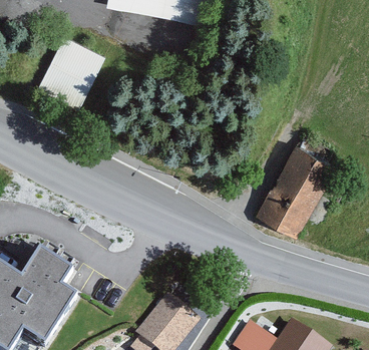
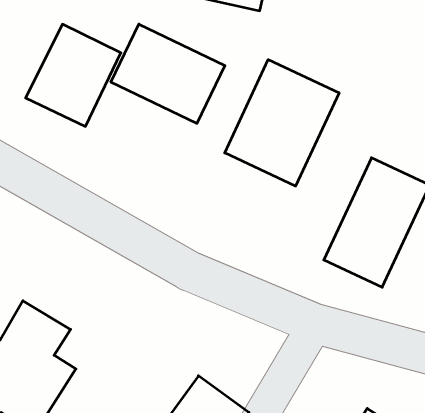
building: none -> [111,24,225,123]
building: none -> [225,60,339,186]

